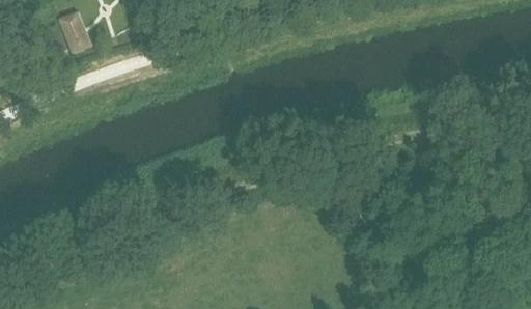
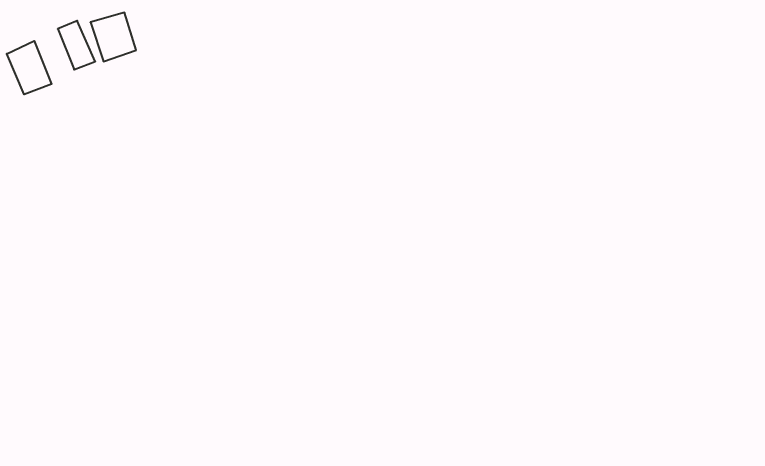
building: none -> [7,41,52,94]

